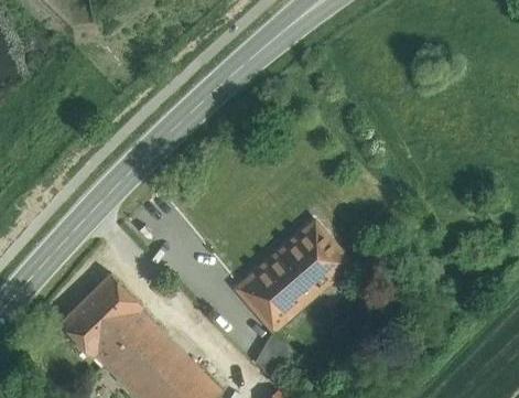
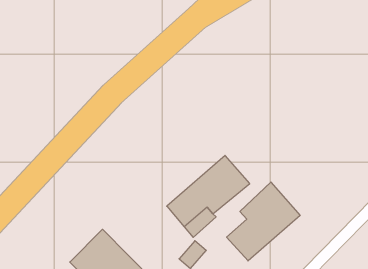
building: none -> [227,182,300,261]
building: [60,275,150,364] -> none

